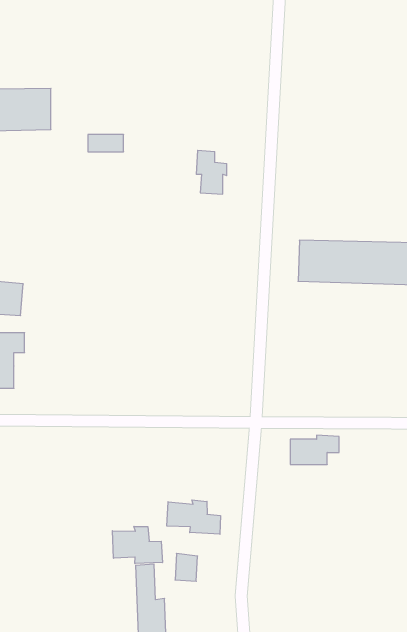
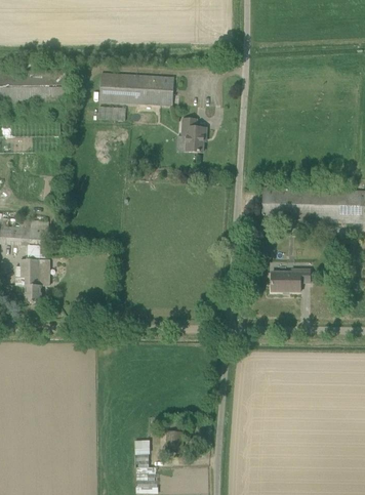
building: none -> [98,73,173,105]
building: [290,435,339,464] -> [271,269,309,291]
building: [167,500,220,534] -> none
building: [112,526,162,564] -> none

